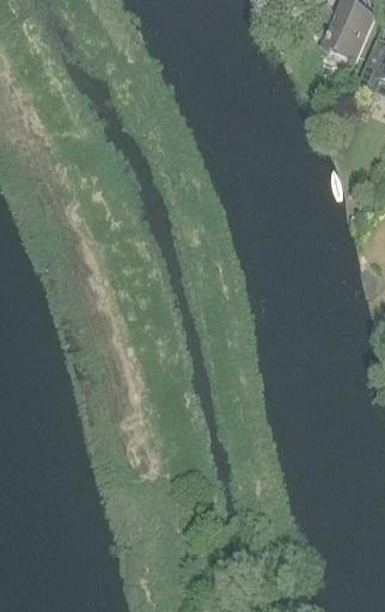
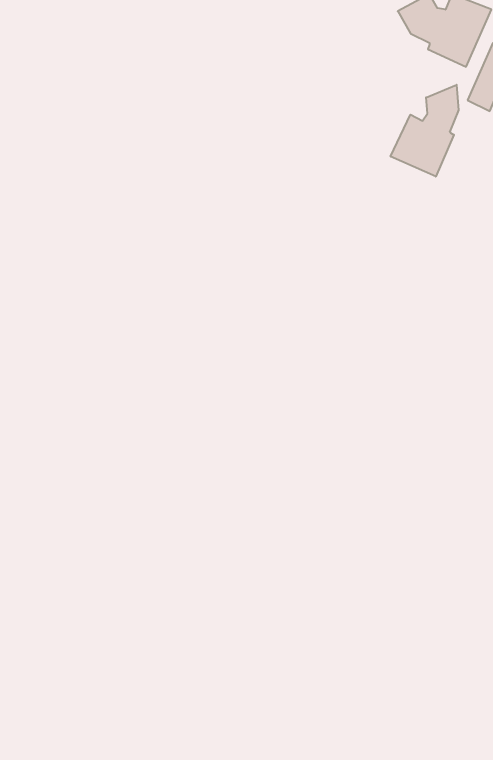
building: none -> [391,85,458,177]

